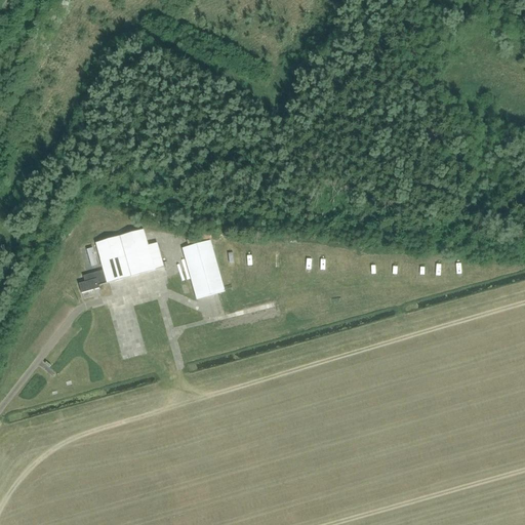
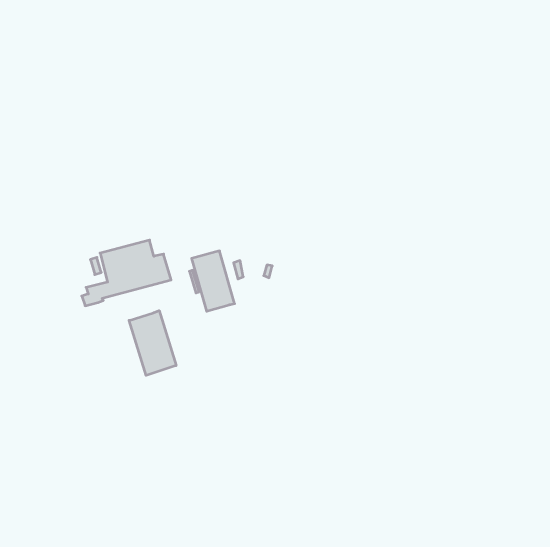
building: none -> [129,311,176,375]

